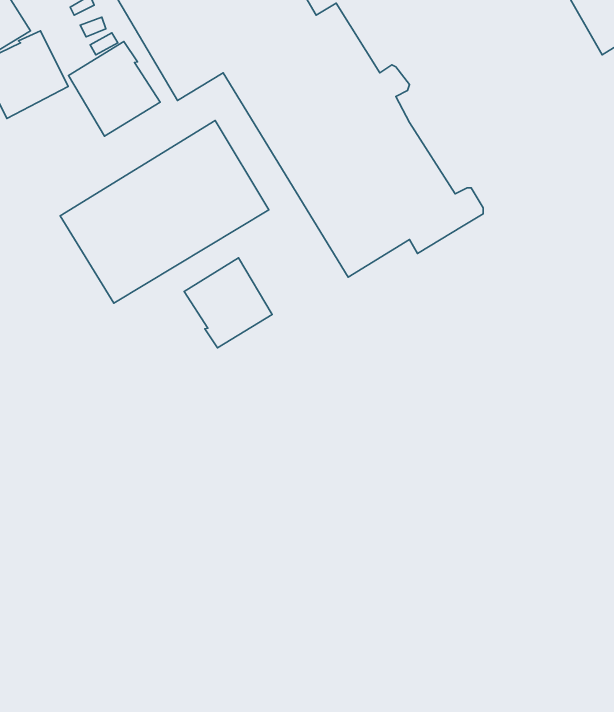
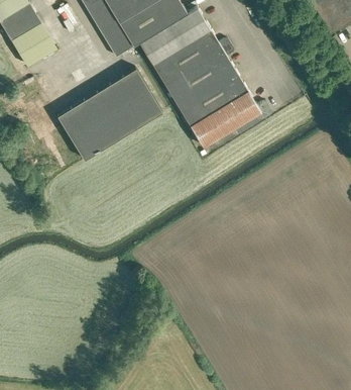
building: [68,41,160,136] -> none
building: [184,258,272,348] -> none

